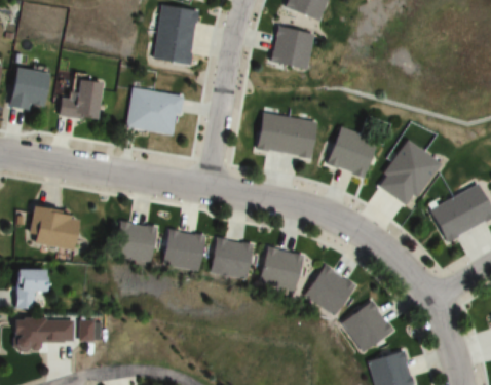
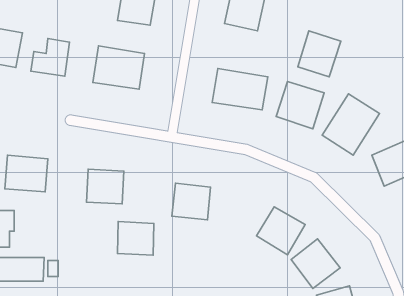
building: none -> [298,31,341,77]
building: [166,230,206,267] -> [117,221,154,255]
building: [262,246,304,287] -> none

